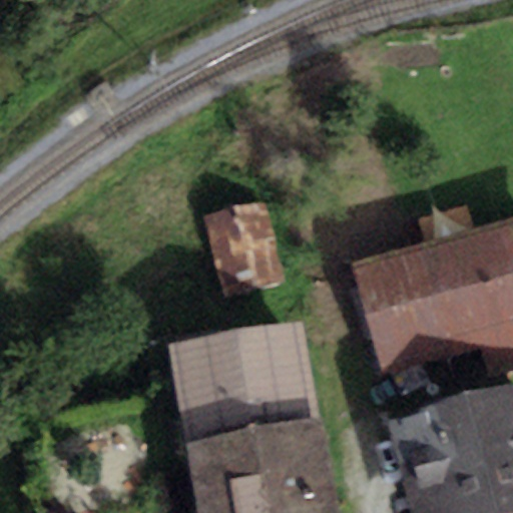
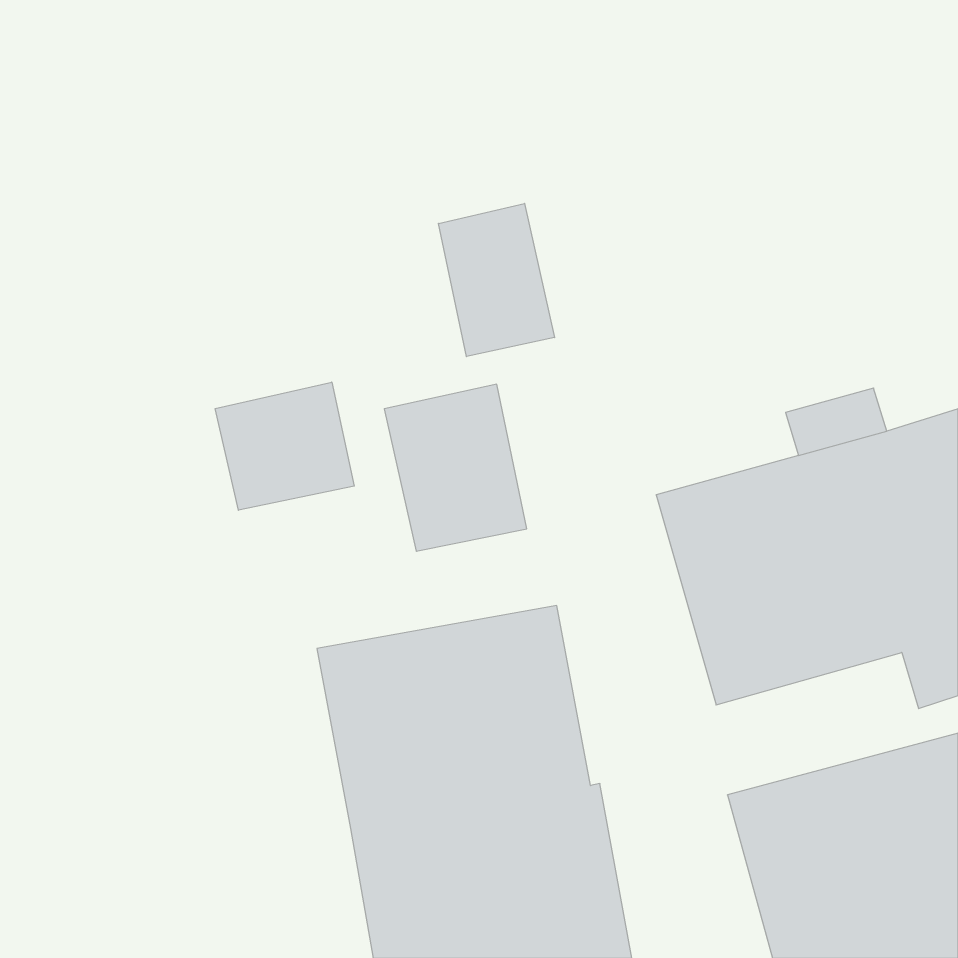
building: none -> [438,203,555,357]
building: none -> [215,382,354,510]

